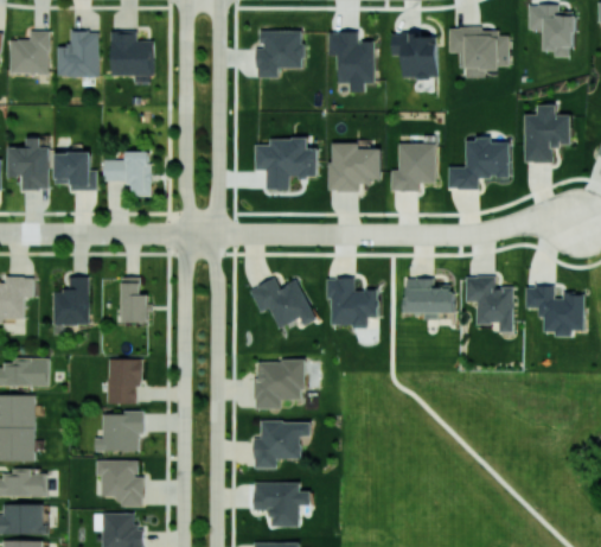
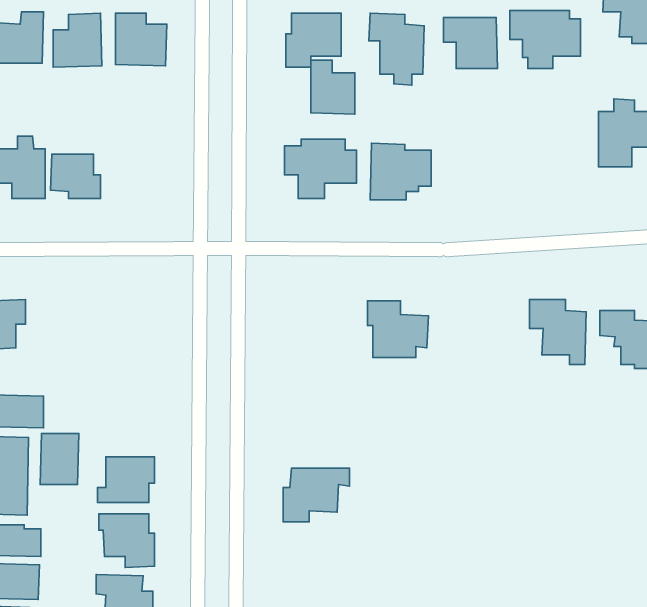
building: none -> [311,60,355,114]
building: [448,139,510,189] -> none
building: [391,144,436,191] -> none
building: [103,152,152,196] -> none
building: [52,276,89,325] -> none
building: [121,278,148,323] -> none
building: [250,278,317,327] -> none
building: [402,278,453,319] -> none
building: [107,360,140,403] -> [40,433,79,485]
building: [255,361,305,408] -> none
building: [254,482,311,527] -> none

